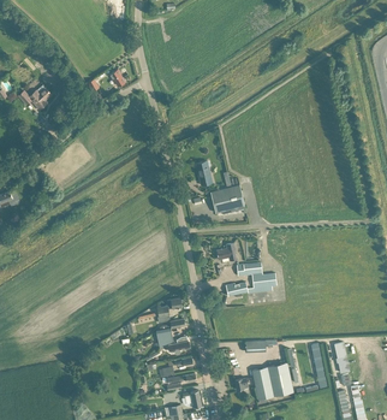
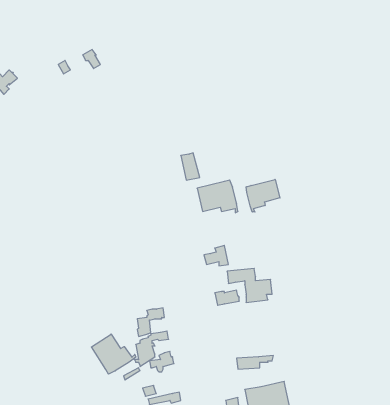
building: none -> [246,179,280,212]
building: none -> [91,334,136,374]

